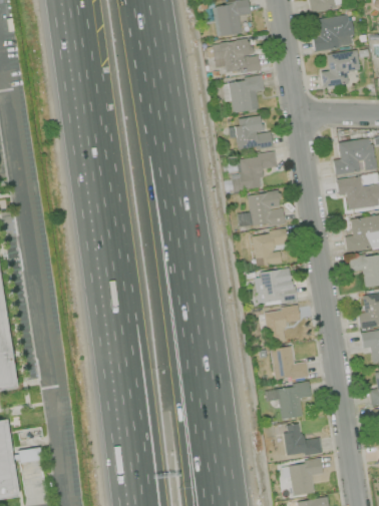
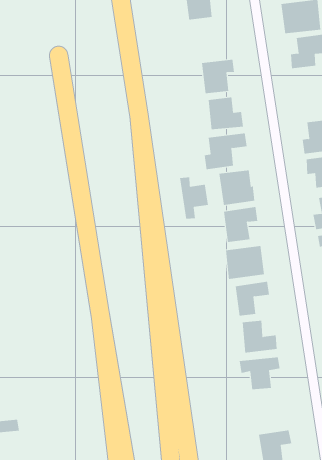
building: [214,39,261,73] -> none
building: none -> [179,177,208,220]
building: [284,423,322,456] -> none

